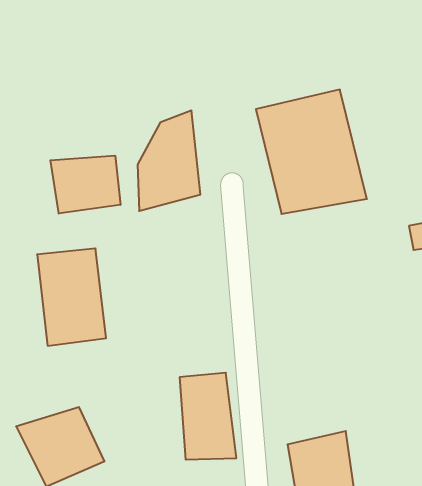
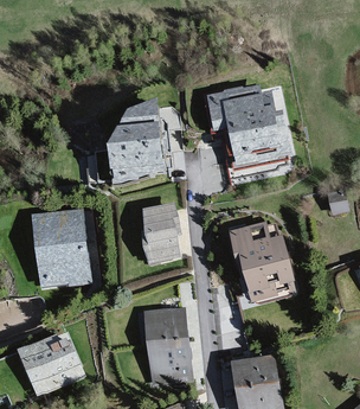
building: [50,156,120,214] -> none
building: none -> [144,204,186,266]
building: none -> [231,221,294,298]

